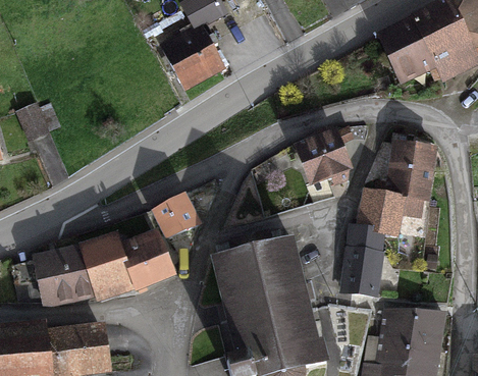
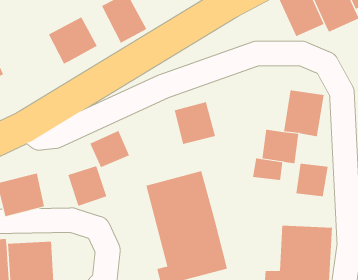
building: none -> [48,16,98,65]
building: [300,135,351,186] -> [174,102,216,145]
building: [87,235,134,290] -> none
building: [342,250,382,290] -> [296,163,328,197]

